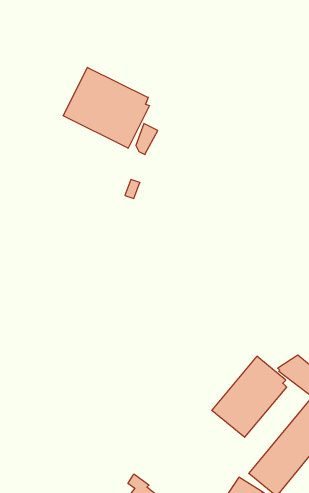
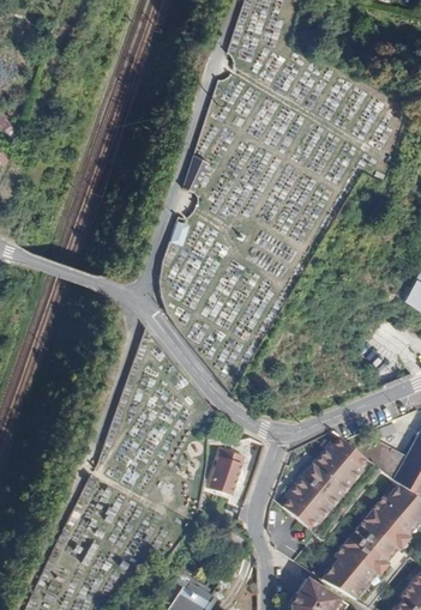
building: [63,67,150,148] -> none
building: none -> [209,448,246,495]

